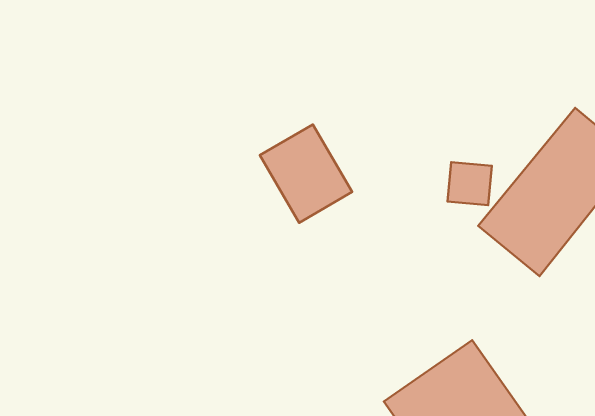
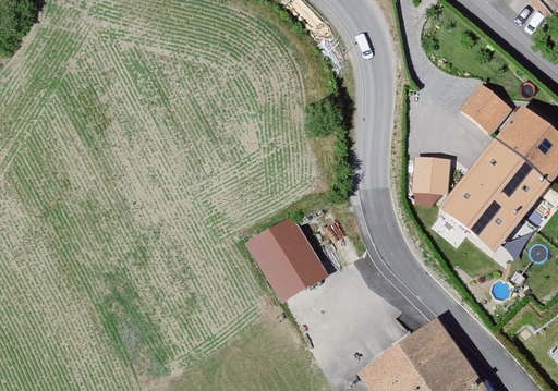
building: none -> [459,82,511,134]
building: [260,124,352,223] -> [244,213,326,301]

